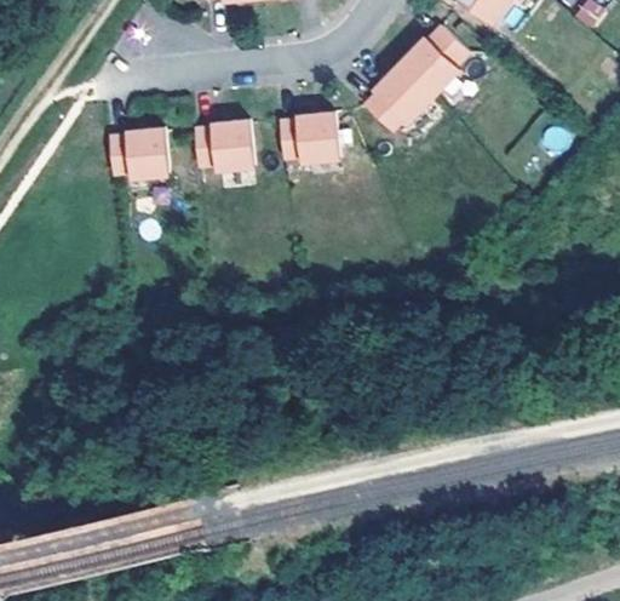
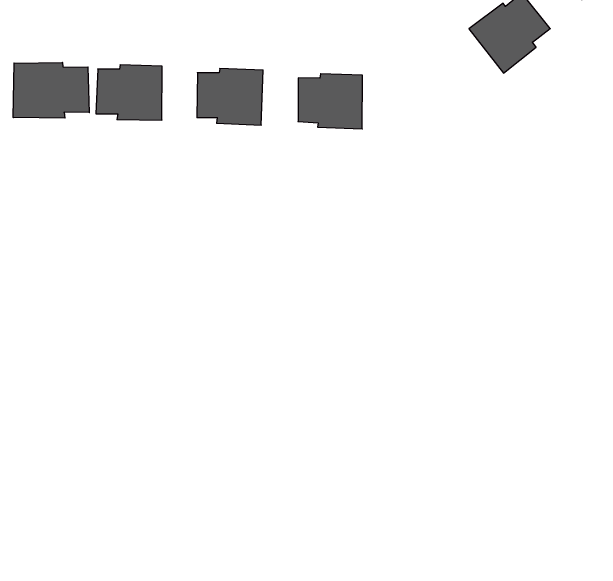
building: [374,61,444,130] -> none
building: none -> [13,62,89,118]

